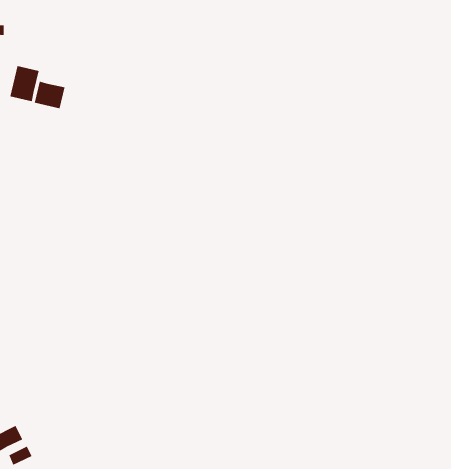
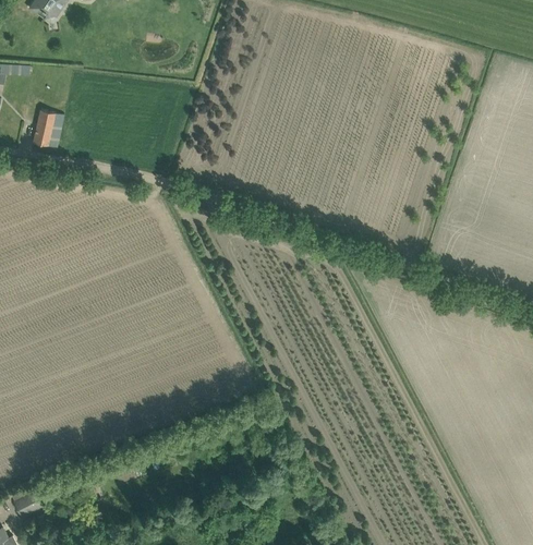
building: [34,81,65,109] -> none

